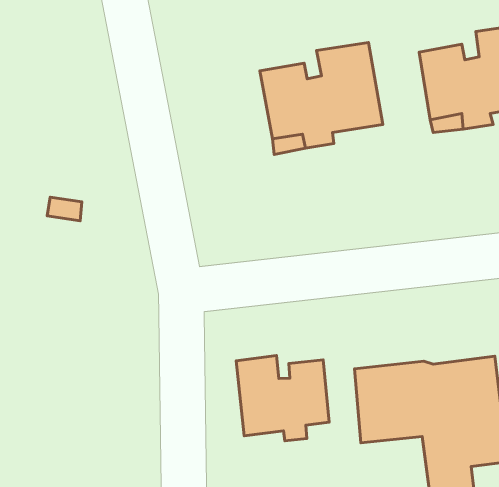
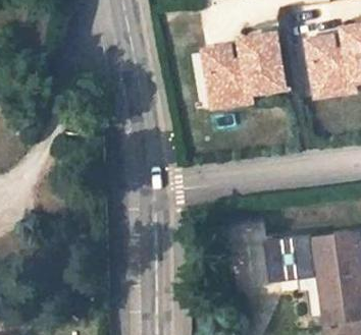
building: [236,355,329,441] -> none

